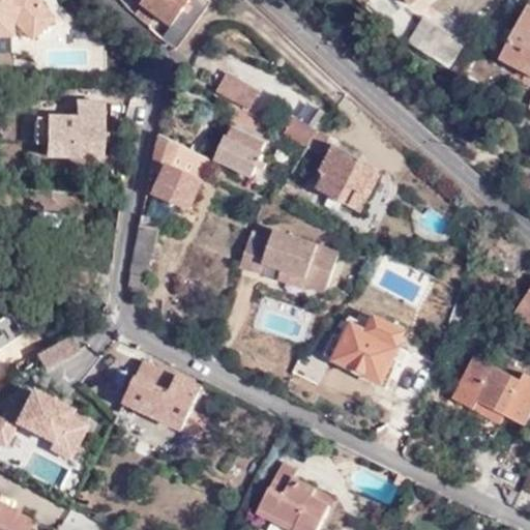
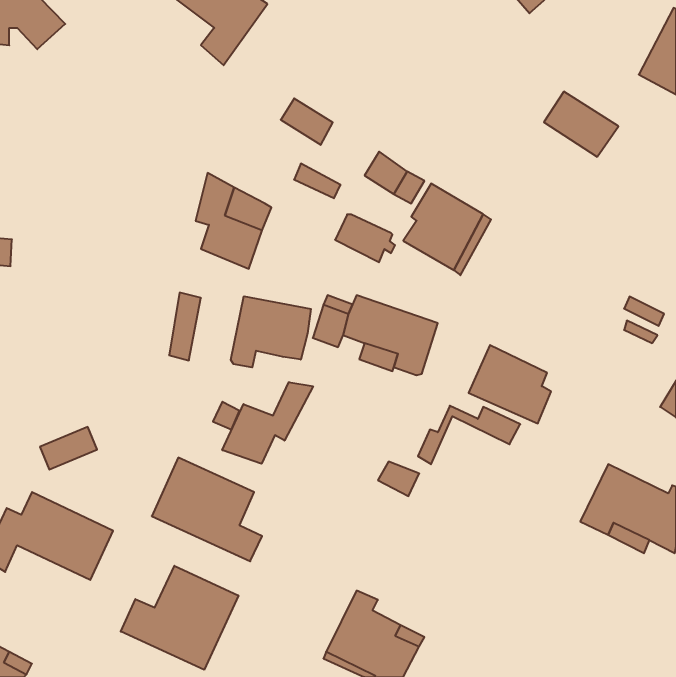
building: [406,17,464,67] -> [544,92,618,157]
building: [28,97,105,155] -> none
building: [216,140,263,177] -> [335,214,395,262]
building: none -> [231,296,311,367]
building: none -> [222,382,313,464]
building: [335,324,400,385] -> [469,345,551,423]
building: none -> [121,566,238,670]

